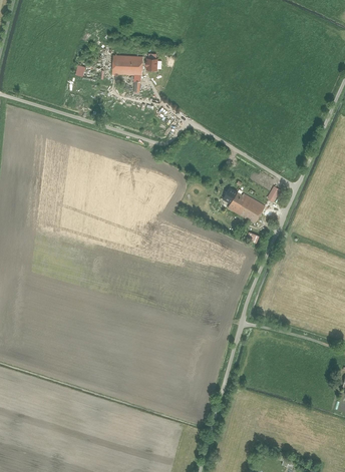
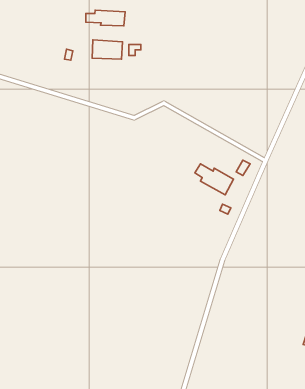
building: none -> [86,10,125,26]

